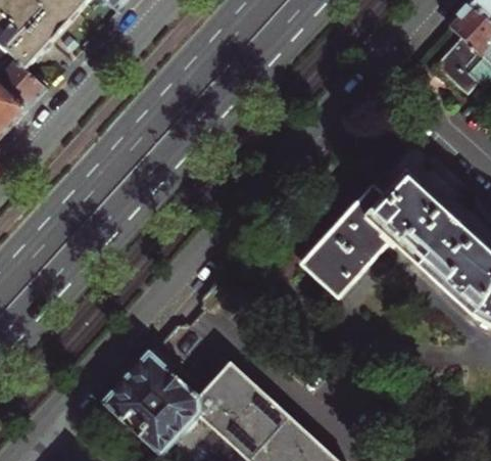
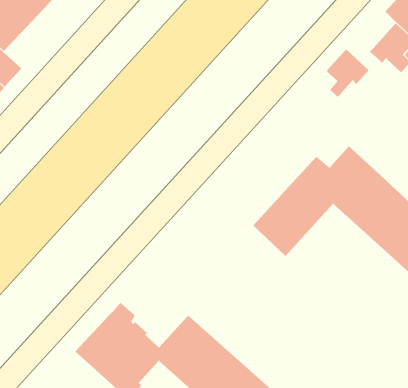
building: none -> [326,48,370,98]

